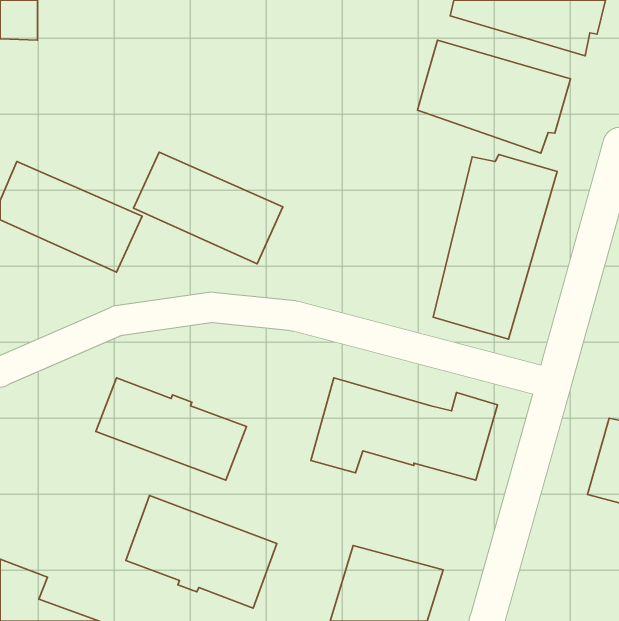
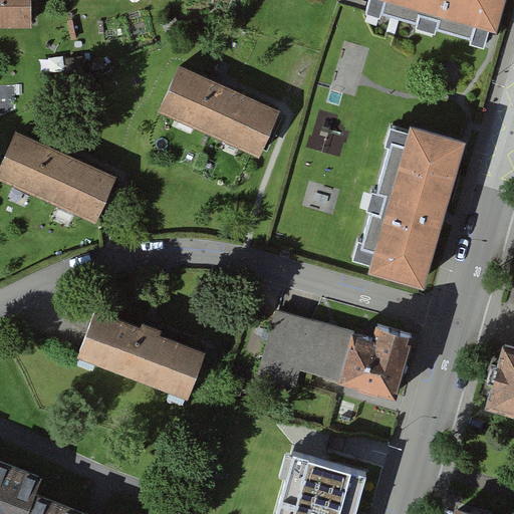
building: [417,40,570,153] -> none
building: [134,152,283,264] -> [158,67,281,160]
building: [126,496,277,608] -> none

